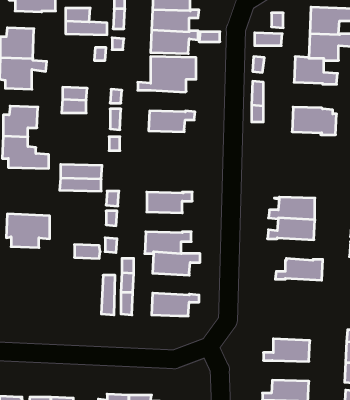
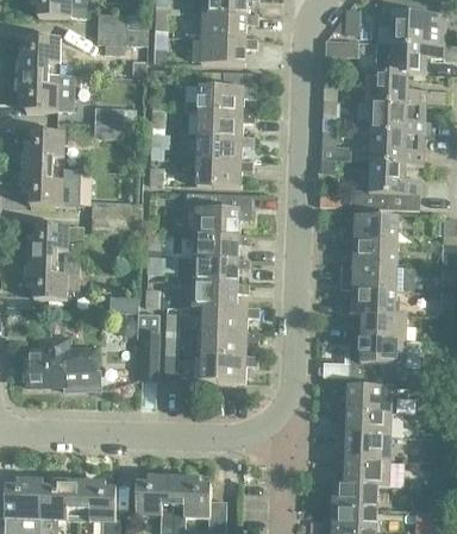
building: none -> [370,101,422,134]
building: none -> [198,111,252,137]
building: none -> [196,159,251,186]
building: none -> [351,161,420,209]
building: none -> [184,193,250,234]
building: none -> [342,214,397,240]
building: none -> [26,224,81,262]
building: none -> [193,257,249,282]
building: none -> [339,288,395,315]
building: none -> [201,331,258,357]
building: none -> [25,337,100,394]
building: none -> [348,337,405,379]
building: none -> [336,385,392,412]
building: none -> [334,435,389,460]

